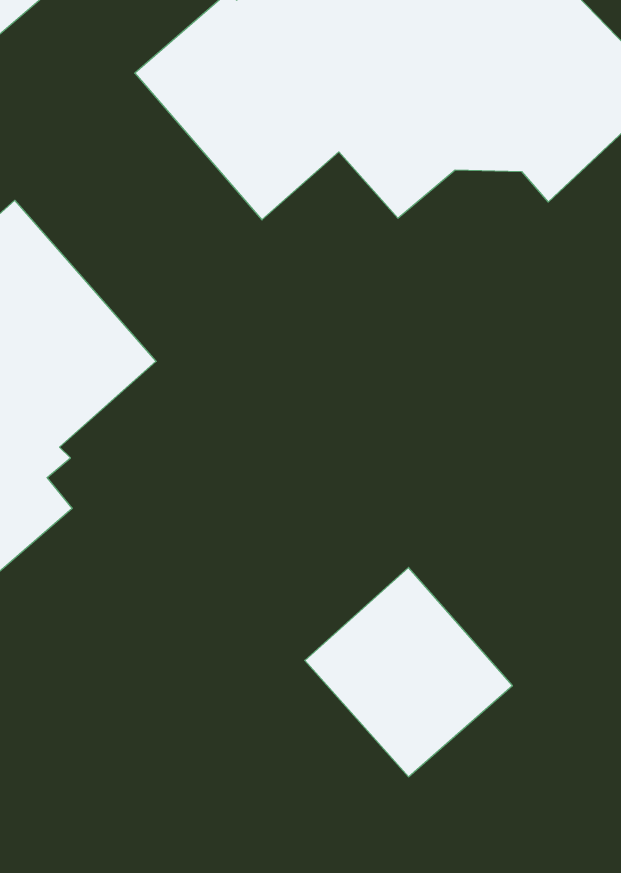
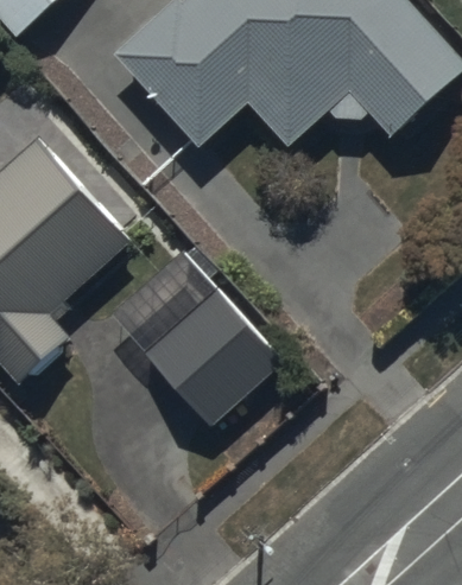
building: [305,567,512,777] -> [141,285,279,424]

